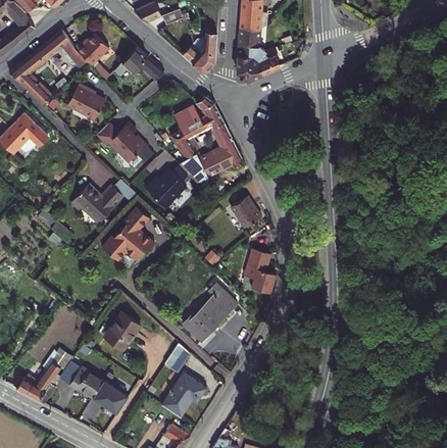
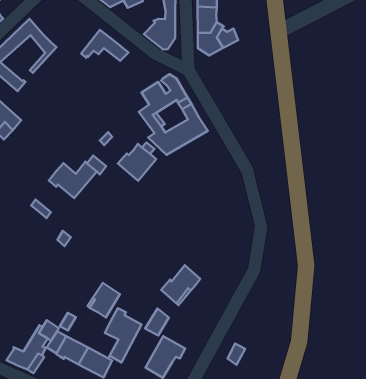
building: [74,33,109,80] -> none
building: [66,83,106,119] -> none
building: [95,121,145,158] -> none
building: [230,195,260,227] -> none
building: [101,206,154,260] -> none
building: [244,248,276,292] -> none
building: [208,284,236,314] -> none
building: none -> [105,308,142,362]

